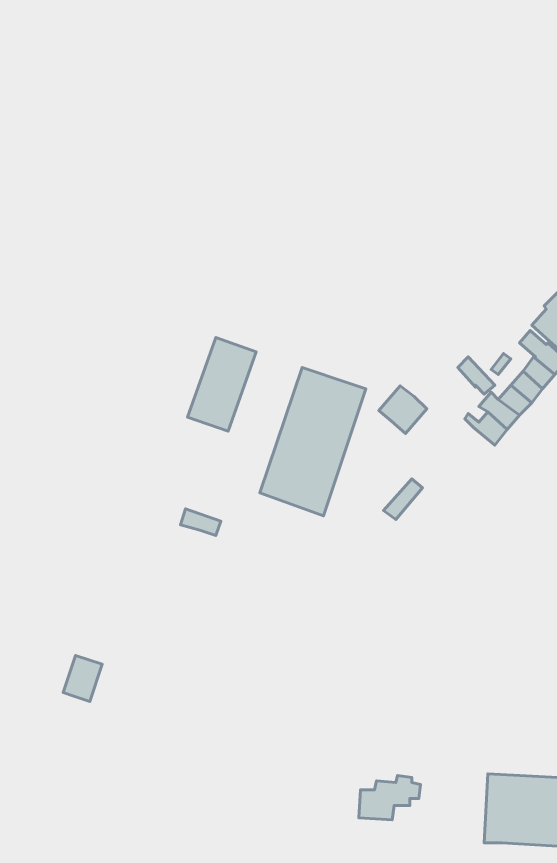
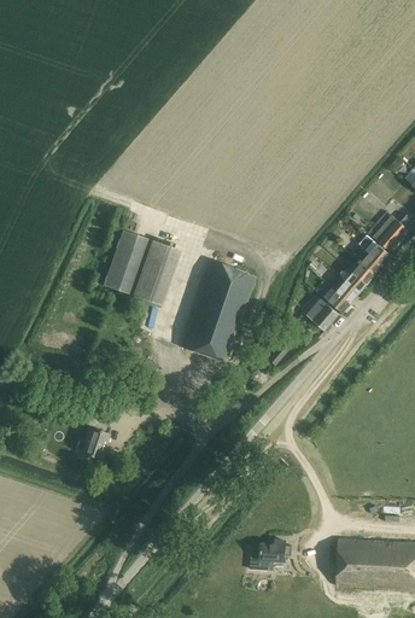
building: none -> [103,231,150,296]
building: [379,386,427,434] -> [305,298,338,331]
building: [63,656,102,701] -> [81,427,107,459]

